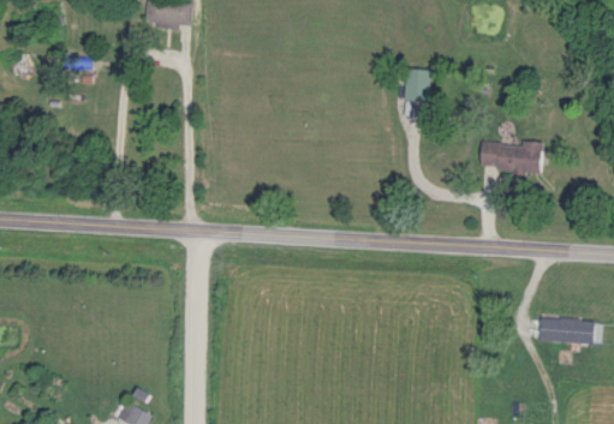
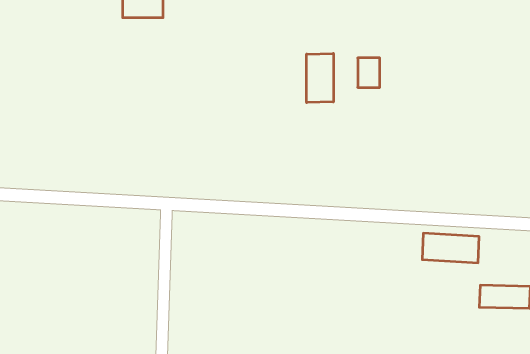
building: none -> [307,53,333,103]
building: [479,139,542,172] -> [422,233,479,263]

